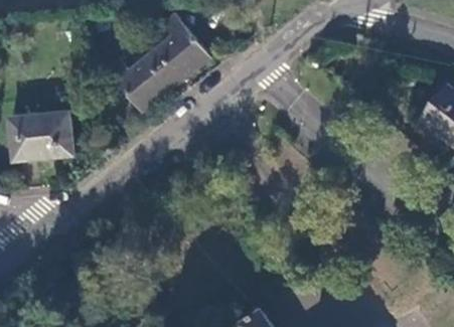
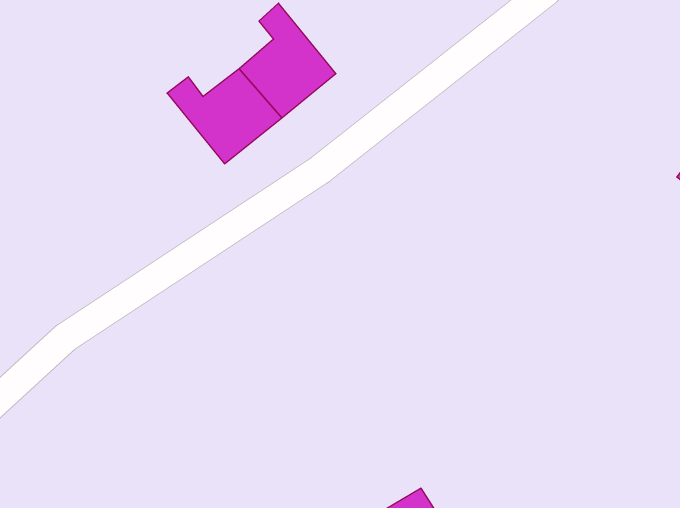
building: [10,113,73,160] -> none

